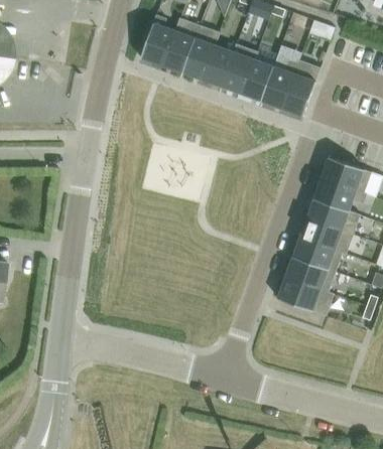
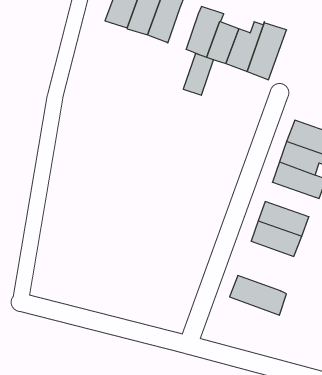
building: [203,45,233,87] -> [183,54,214,95]
building: [299,218,350,253] -> none
building: [277,277,334,316] -> [230,276,286,315]

